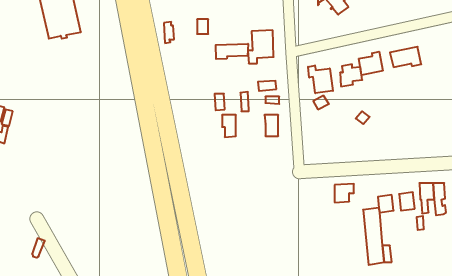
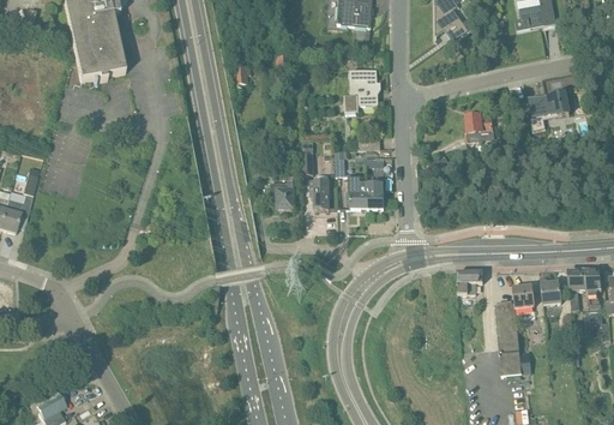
building: [216,44,248,59] -> none
building: [359,52,383,75] -> none
building: [308,65,333,93] -> none
building: none -> [347,178,366,208]
building: none -> [269,181,294,209]

